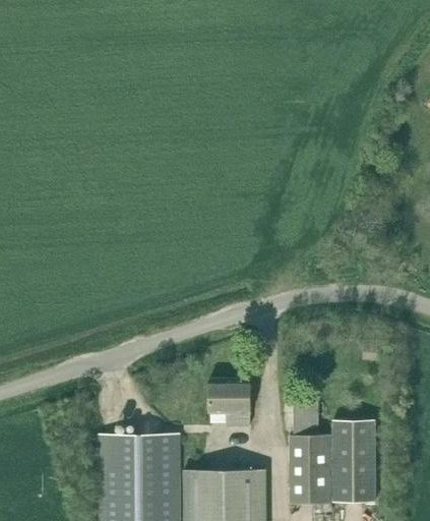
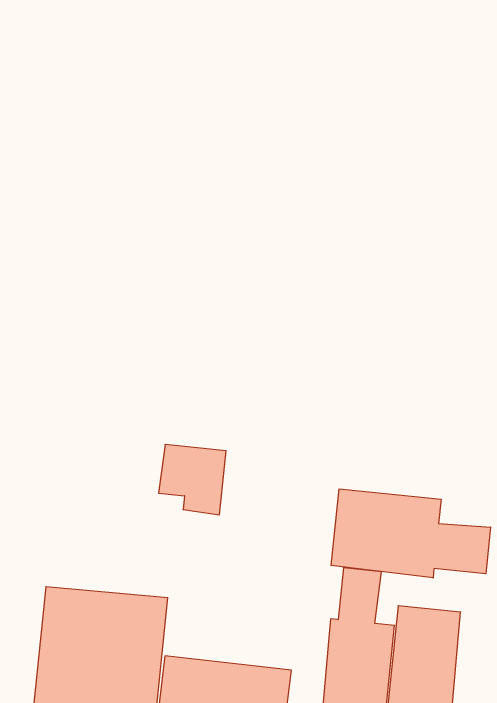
building: none -> [331,489,491,578]
building: [208,380,250,422] -> [159,445,226,515]

